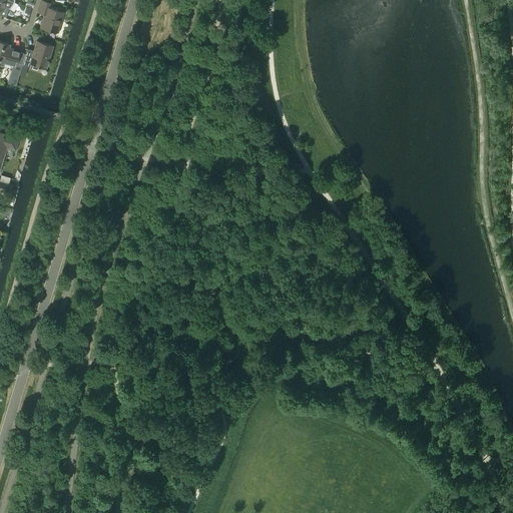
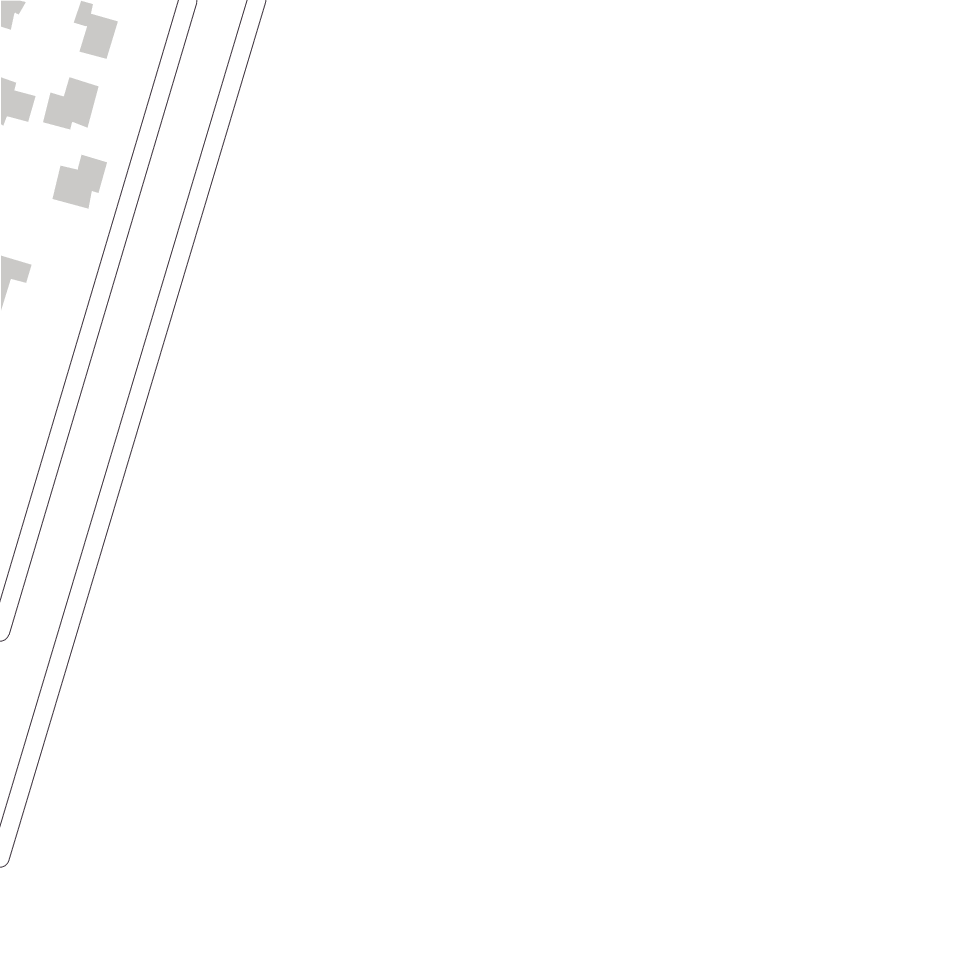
building: none -> [52,154,108,210]

